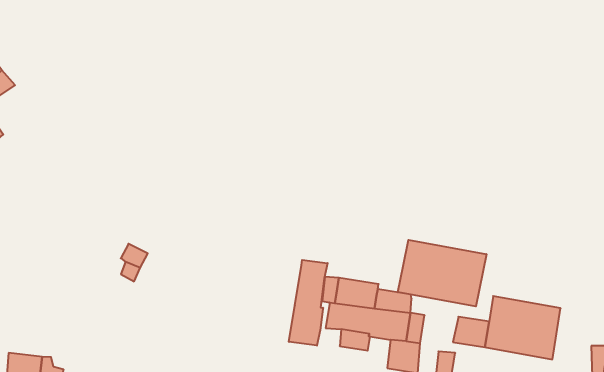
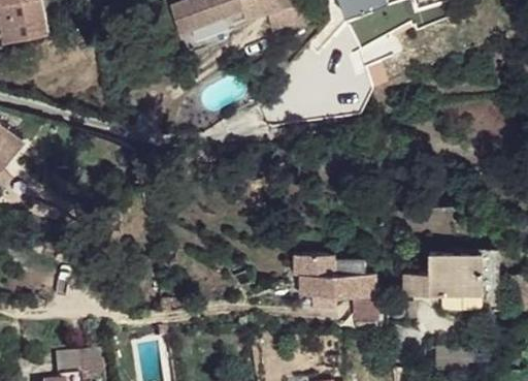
building: [398,240,486,306] -> none
building: [289,260,328,346] -> none

